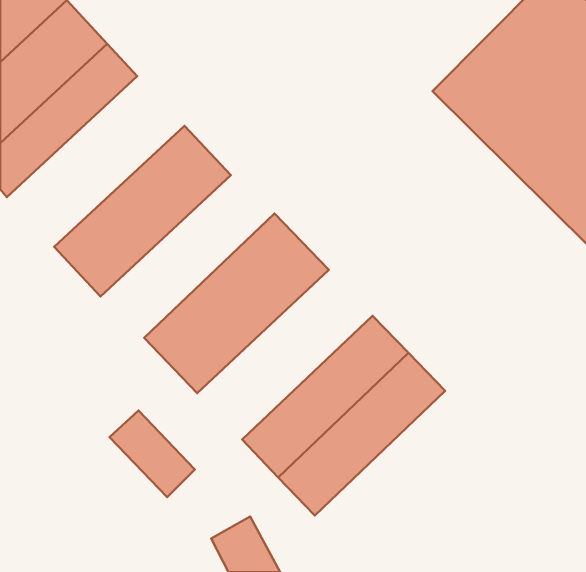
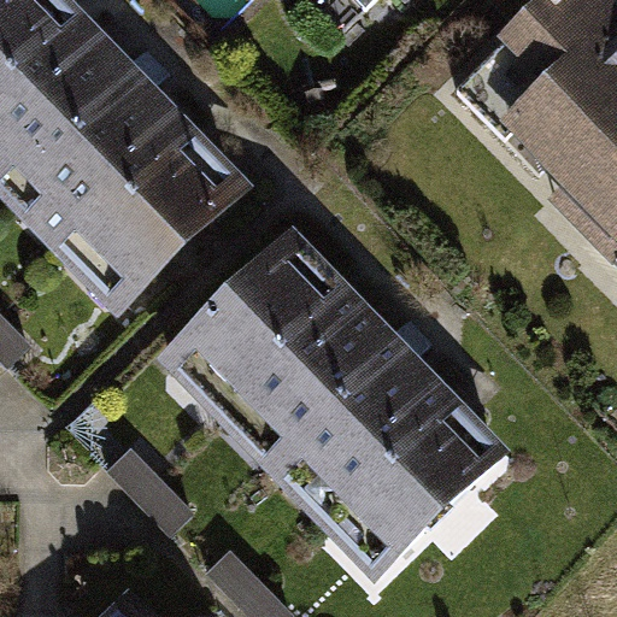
building: none -> [11,80,196,258]
building: none -> [210,282,393,459]
building: none -> [333,409,509,581]

